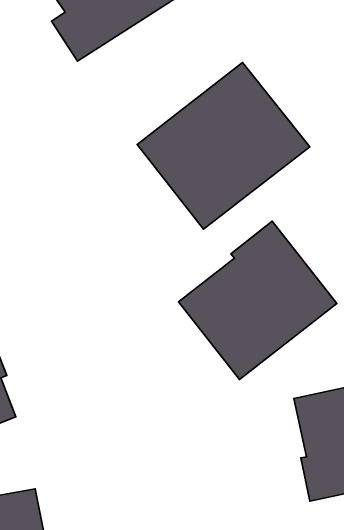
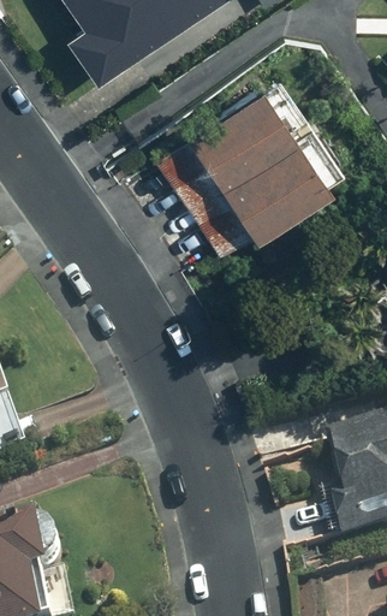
building: [179,221,337,380] -> none

